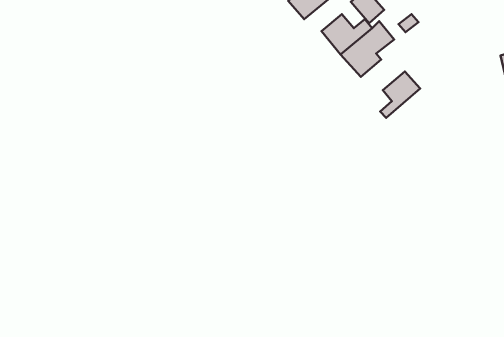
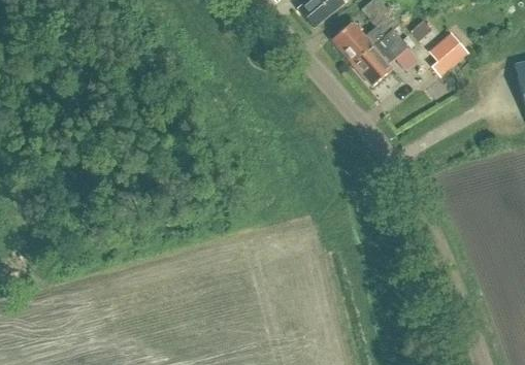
building: none -> [425,29,467,71]
building: [380,71,420,118] -> none

